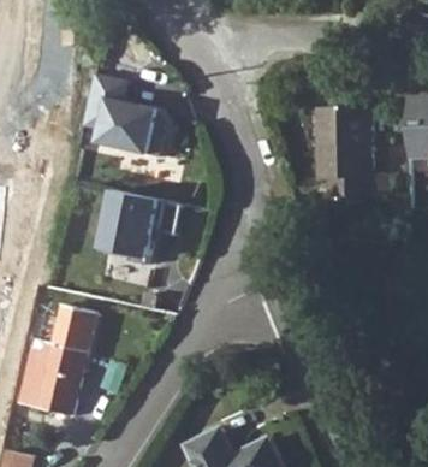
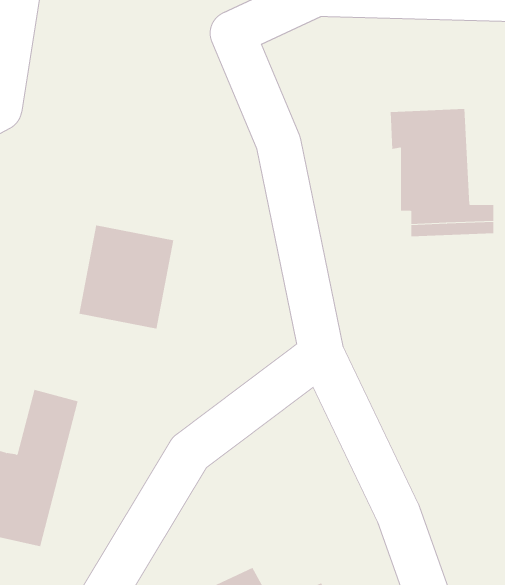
building: [82,72,166,155] -> none

